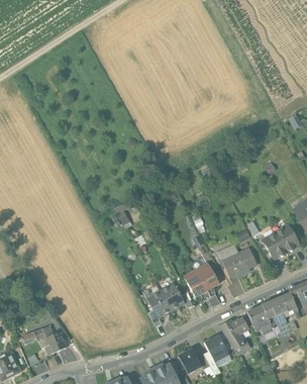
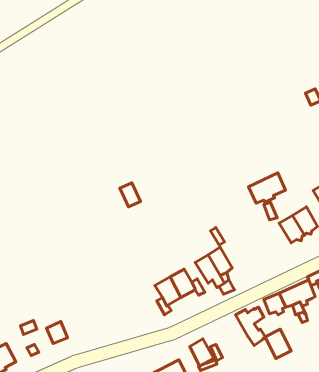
building: [222,248,257,276] -> [248,173,286,203]
building: [204,332,228,360] -> [265,329,291,359]

